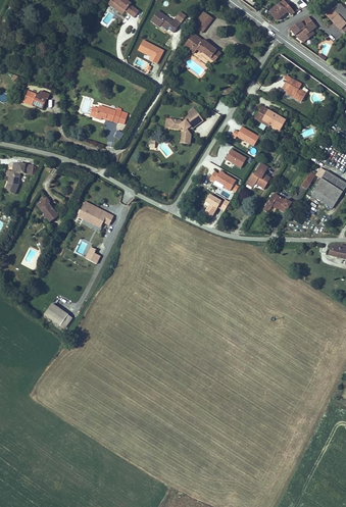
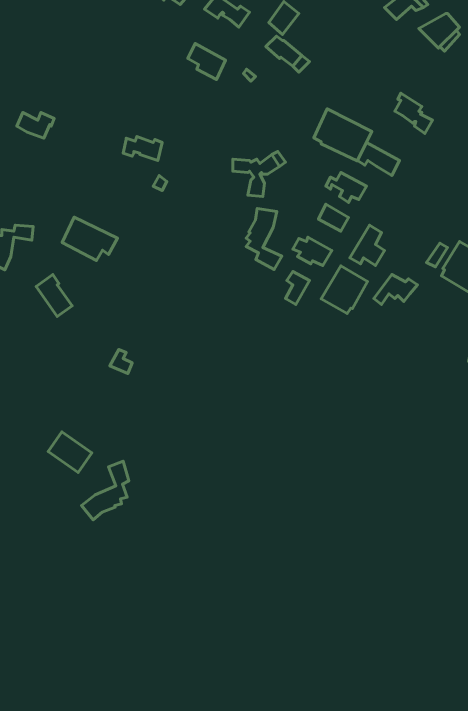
building: none -> [314,109,372,161]
building: none -> [246,209,282,270]
building: none -> [321,266,368,314]
building: [76,201,113,231] -> [62,217,118,261]
building: none -> [82,461,129,520]

